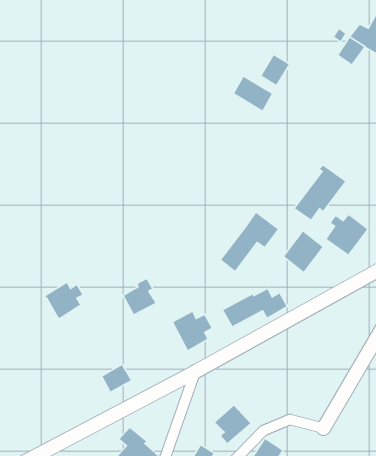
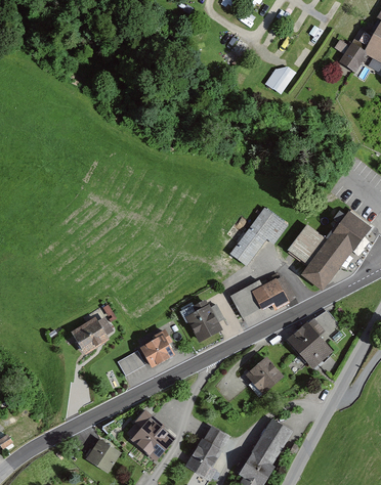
building: [233,76,273,111] -> none
building: [294,165,346,220] -> [301,234,350,286]
building: [123,278,156,315] -> [140,332,172,366]
building: [44,282,83,319] -> [72,318,109,353]
building: none -> [288,313,341,366]
building: [214,405,251,444] -> [246,359,281,396]

